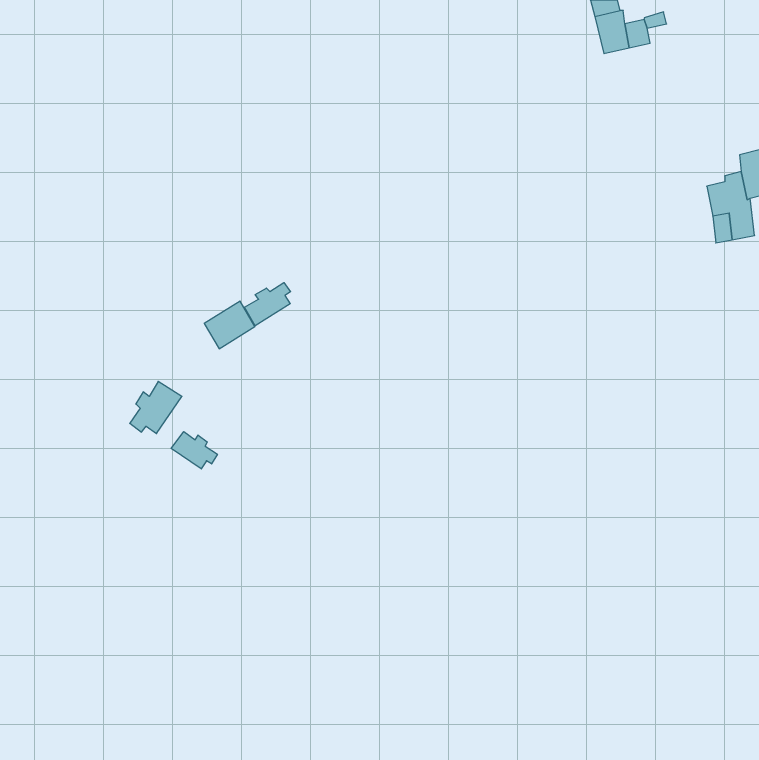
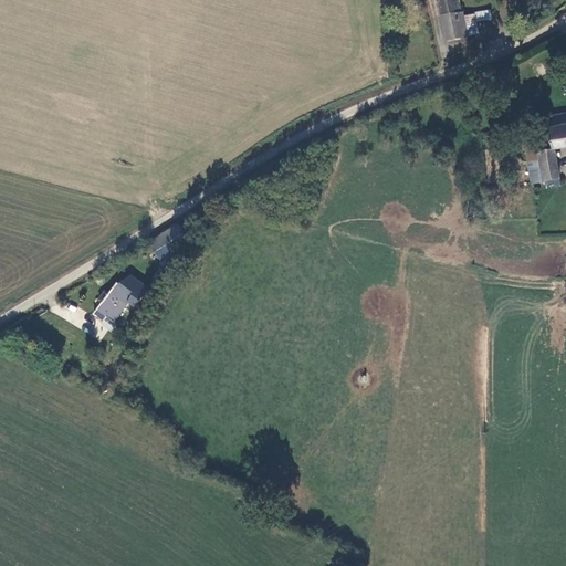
building: [245,283,291,326] -> none
building: [171,432,217,469] -> none

